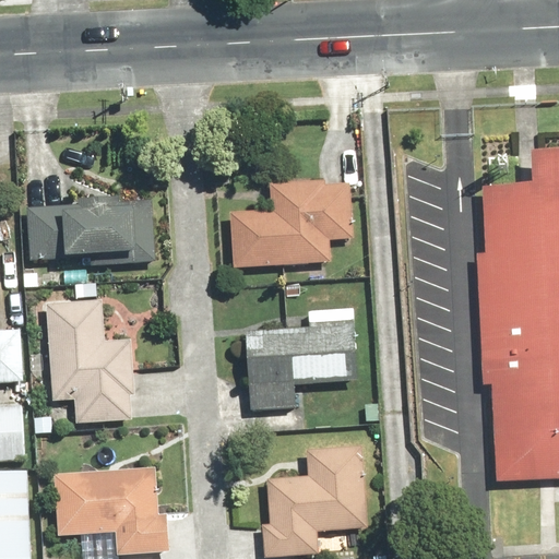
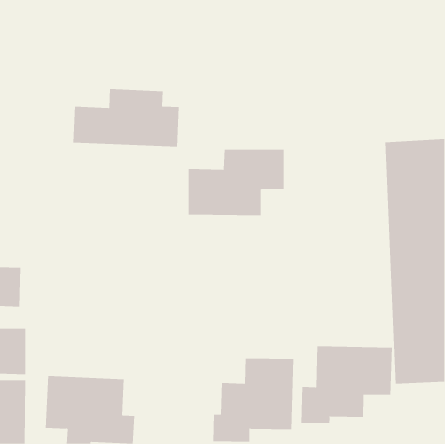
building: [25,189,158,262] -> [72,88,179,147]
building: [47,296,134,420] -> none
building: [248,318,359,406] -> none
building: none -> [301,345,392,424]

